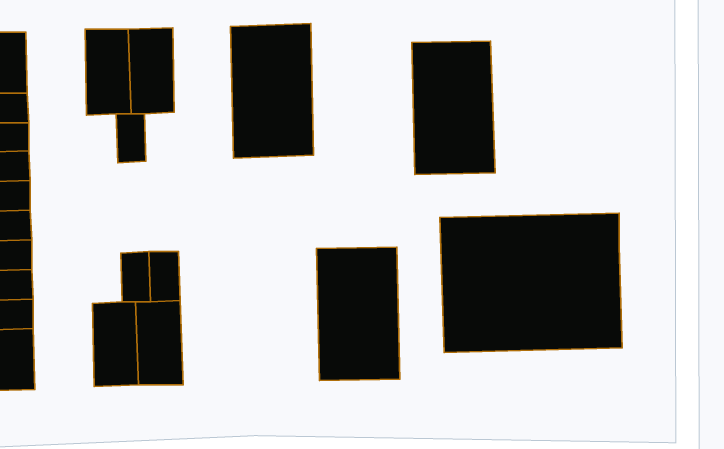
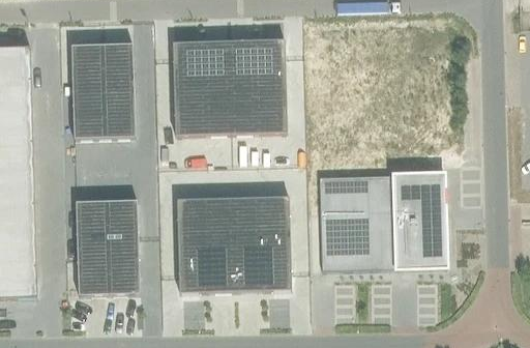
building: [412,41,495,174] -> [228,40,286,134]
building: none -> [112,104,134,138]
building: none -> [71,105,93,139]
building: none -> [176,199,234,293]
building: none -> [75,202,96,237]

